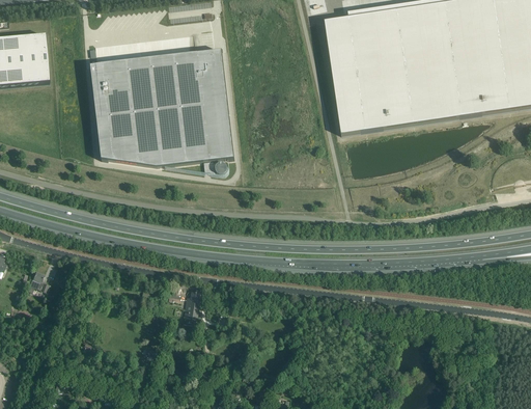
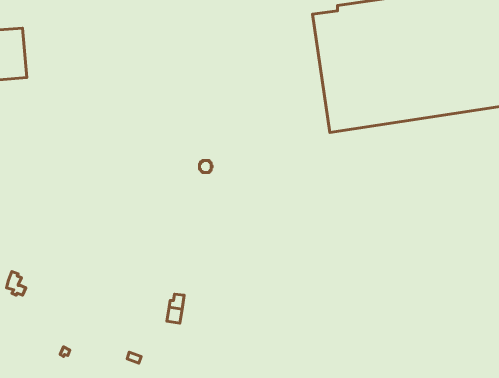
building: [90,48,234,164] -> none

